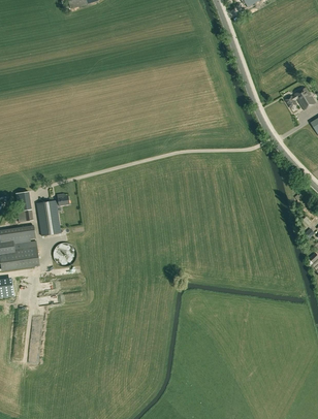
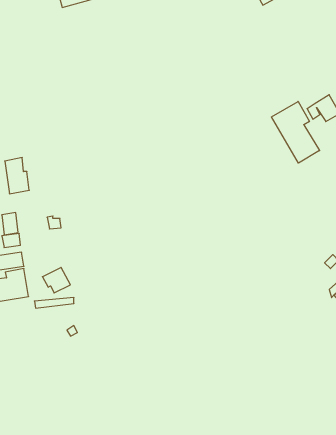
building: none -> [271,101,320,163]
building: [38,200,60,232] -> [5,158,29,194]

